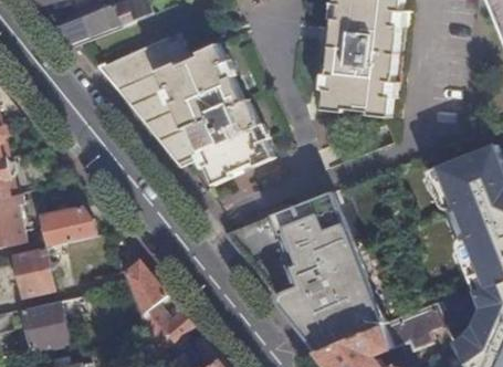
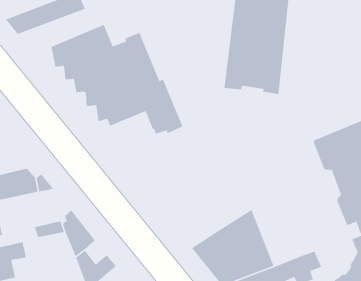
building: [195,139,238,182] -> none
building: [223,195,354,304] -> none

